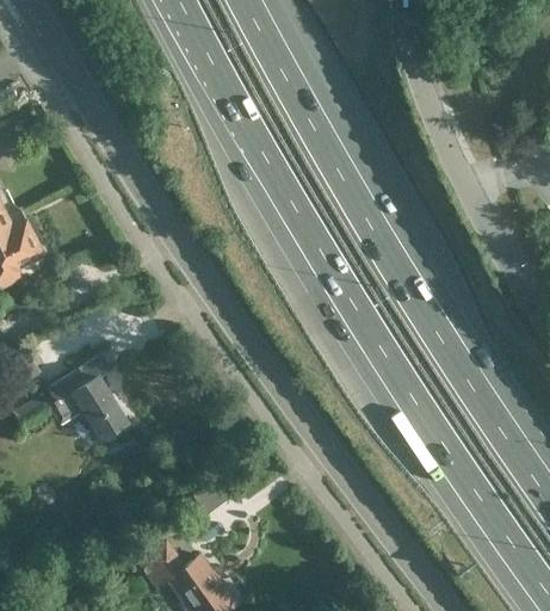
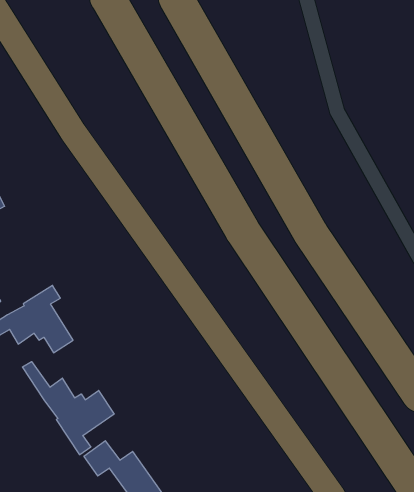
building: none -> [22,362,114,455]

